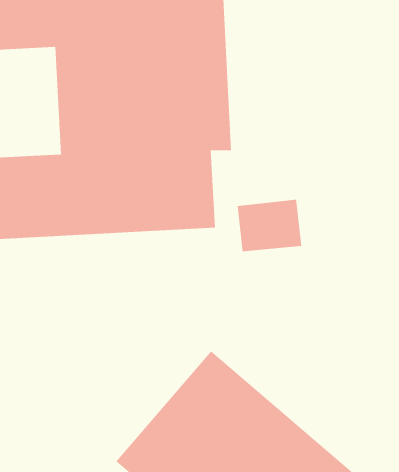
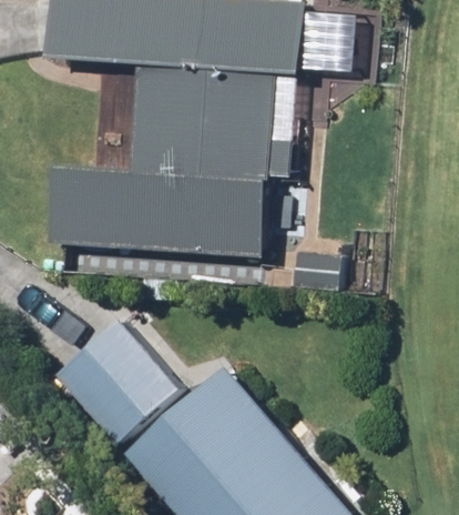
building: none -> [52,311,184,443]

